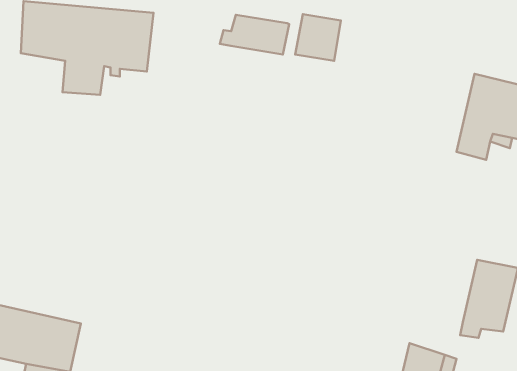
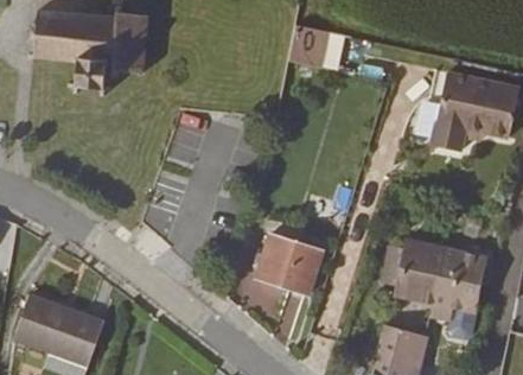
building: [220,15,289,55] -> none
building: none -> [259,237,321,299]
building: none -> [389,239,451,306]

